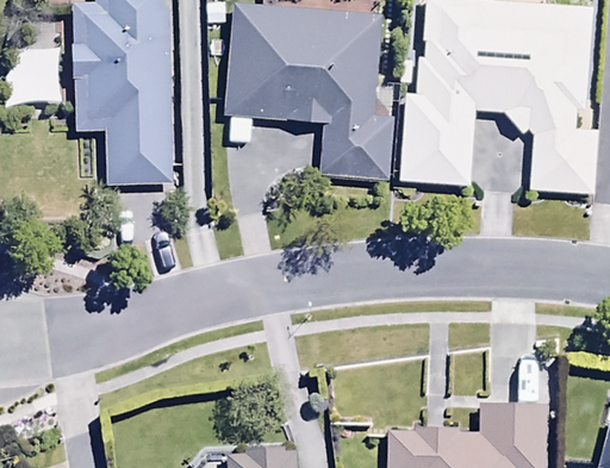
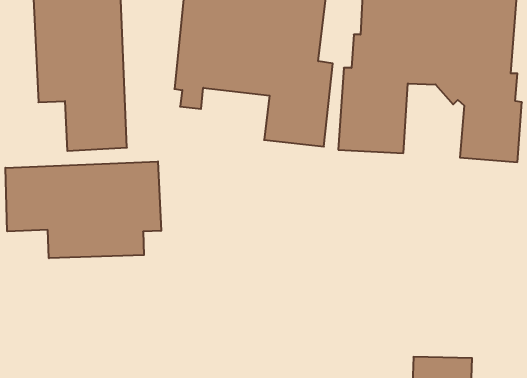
building: none -> [5,161,161,258]

